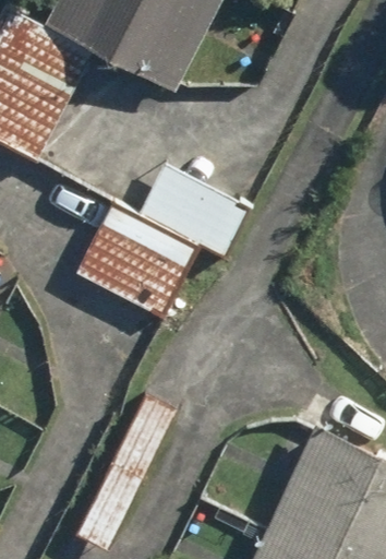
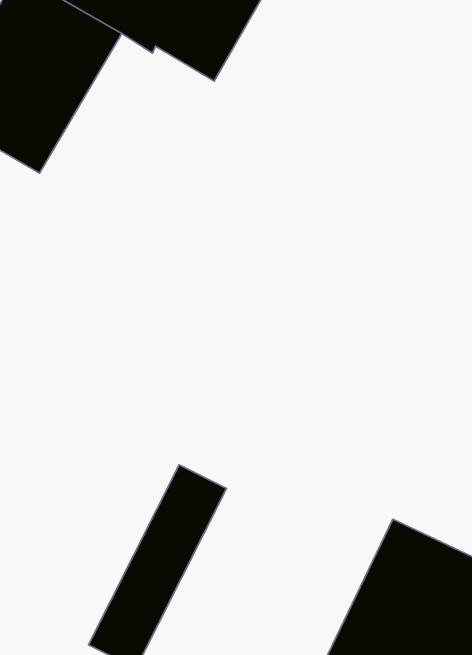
building: [75,158,251,313] -> none

